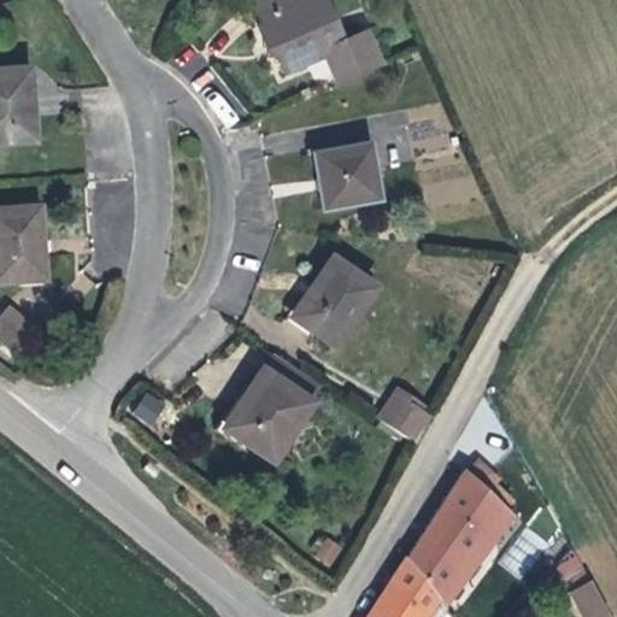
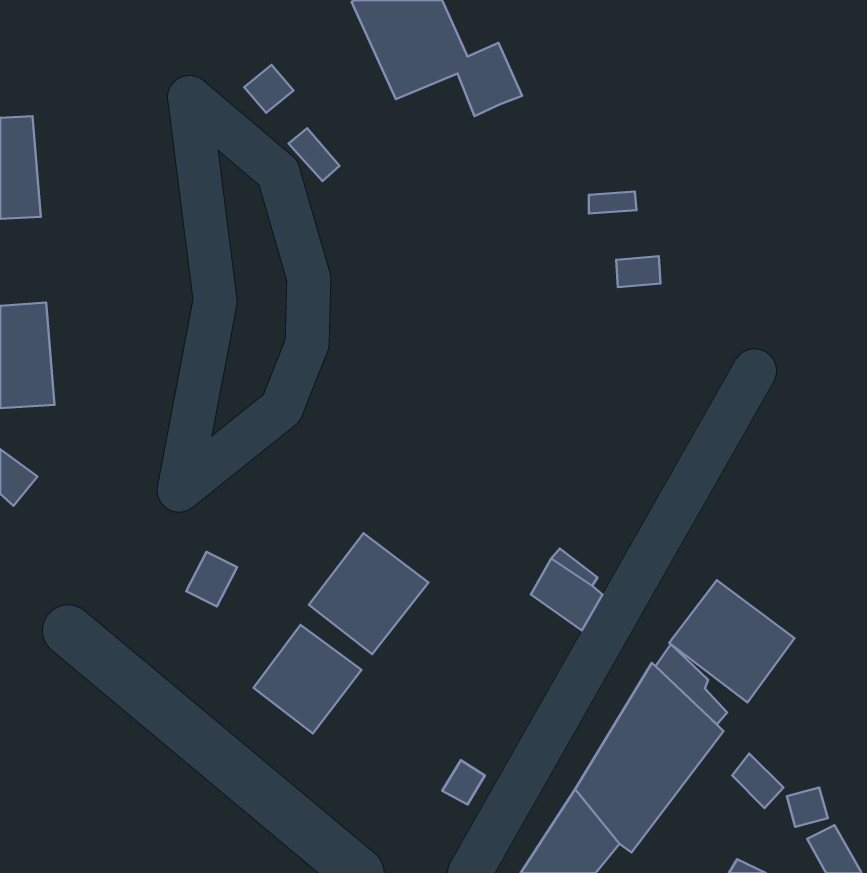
building: [311,118,382,200] -> none
building: [298,258,374,345] -> none
building: none -> [669,580,795,703]
building: none -> [253,625,362,734]

